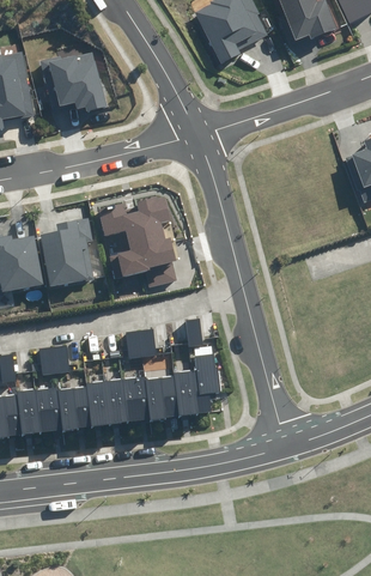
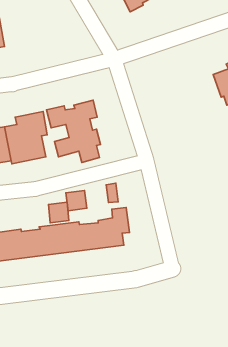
building: [37,51,109,113] -> none
building: [38,345,68,376] -> [49,202,69,223]

